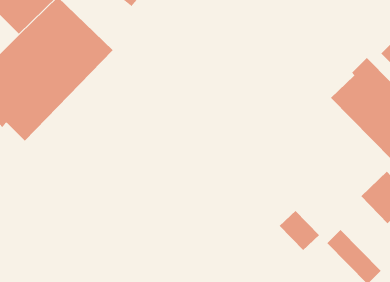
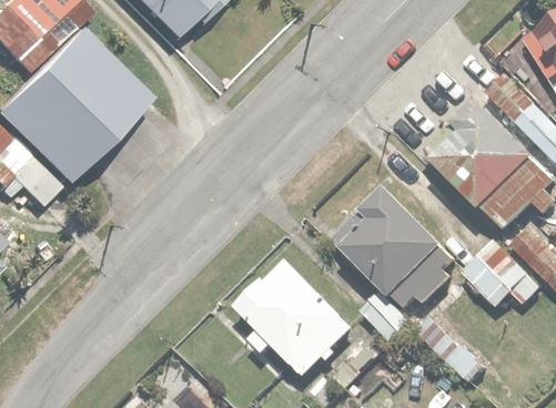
building: none -> [337,183,461,314]
building: none -> [233,261,355,377]

